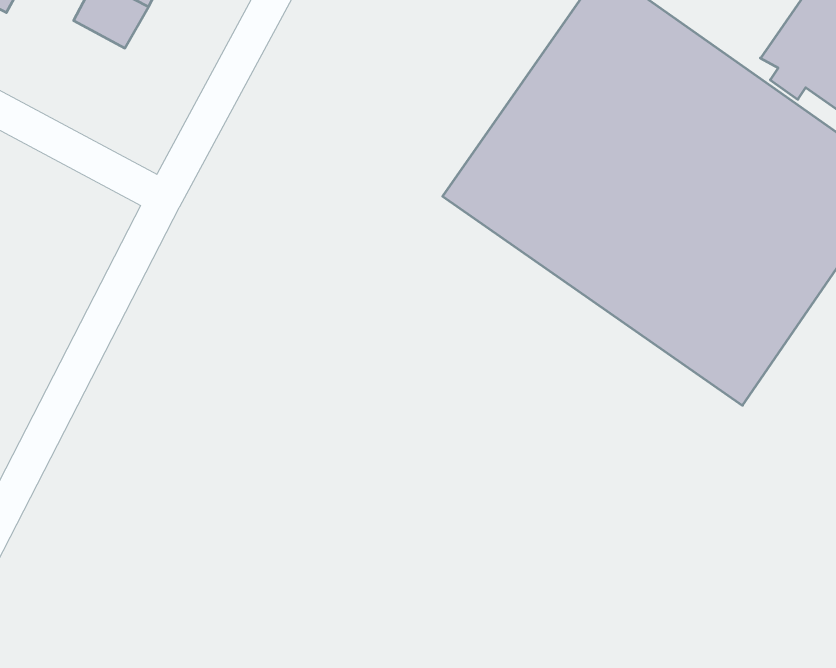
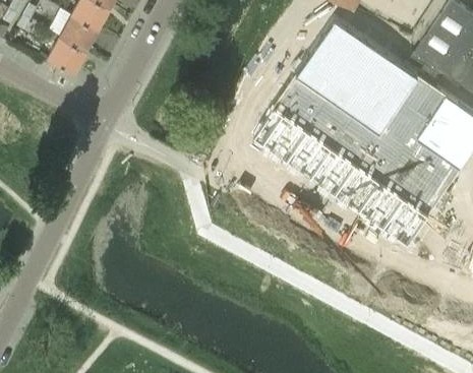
building: none -> [48,37,86,73]

